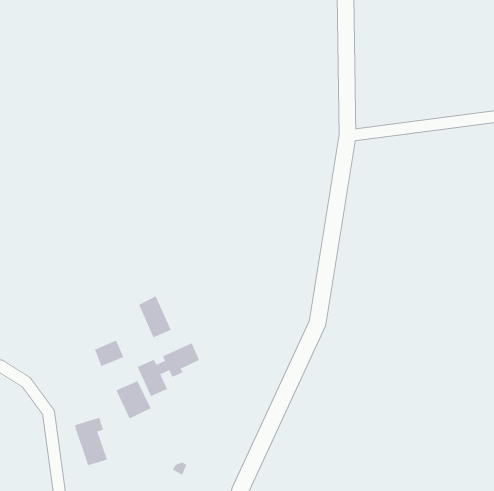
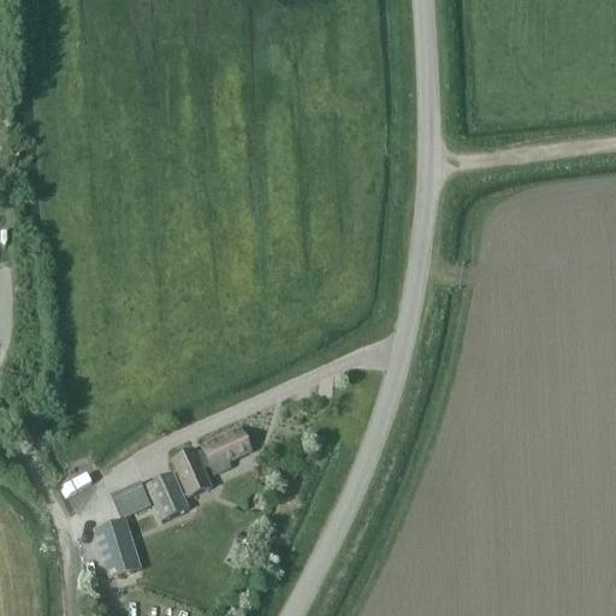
building: [138,296,171,338] -> none
building: [94,340,124,367] -> [111,481,148,515]

